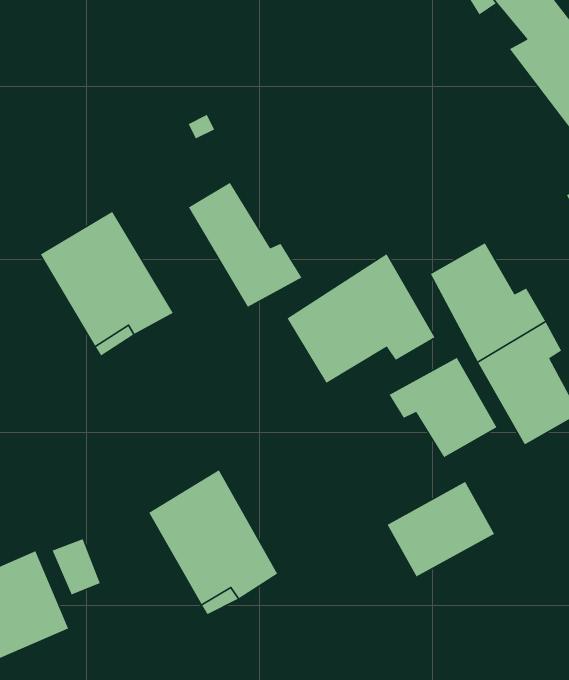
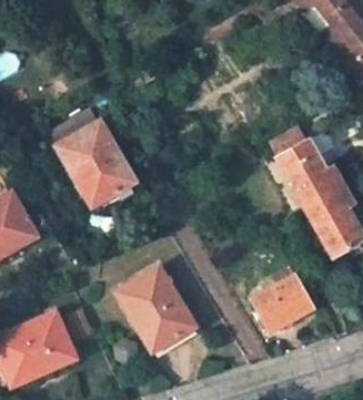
building: [188,182,302,308] -> none
building: [287,253,435,384] -> none
building: [388,357,498,458] -> none

